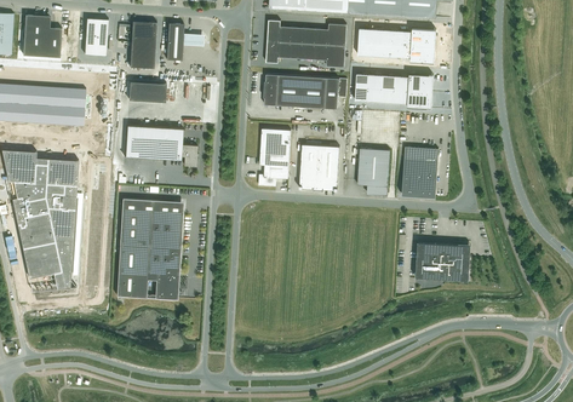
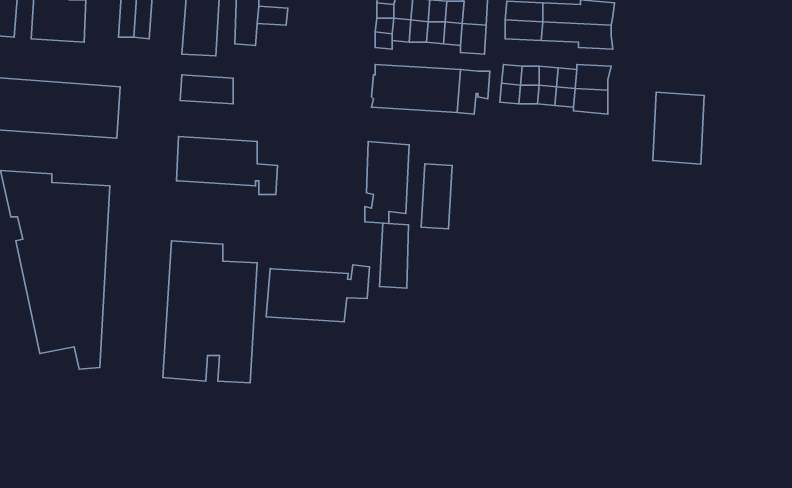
building: [319,145,339,191] -> [380,223,409,288]
building: [402,147,439,197] -> [653,92,704,164]
building: [357,148,390,194] -> none
building: none -> [266,265,369,322]
building: [416,242,470,281] -> none

